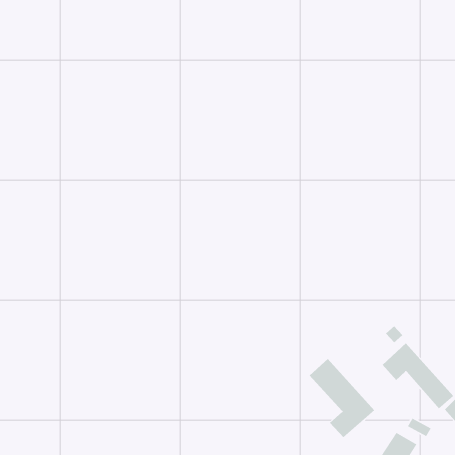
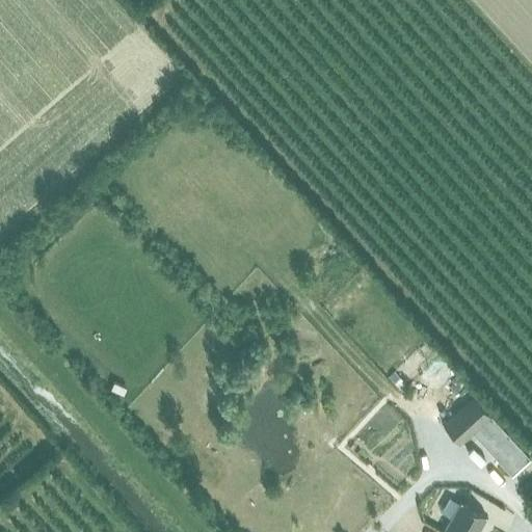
building: [309,358,375,438] -> none

